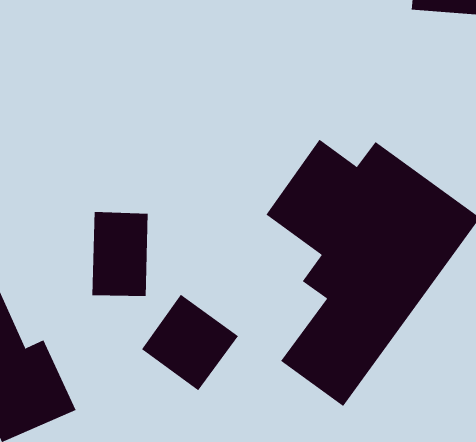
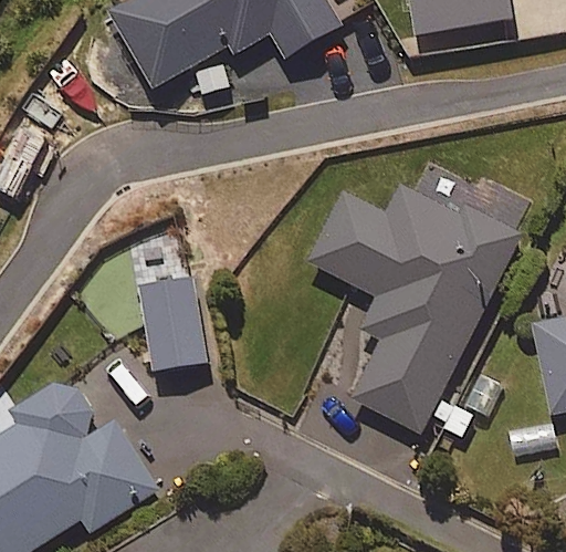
building: [141,294,239,391] -> none

